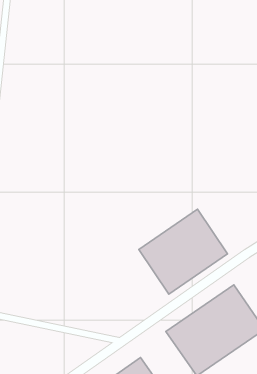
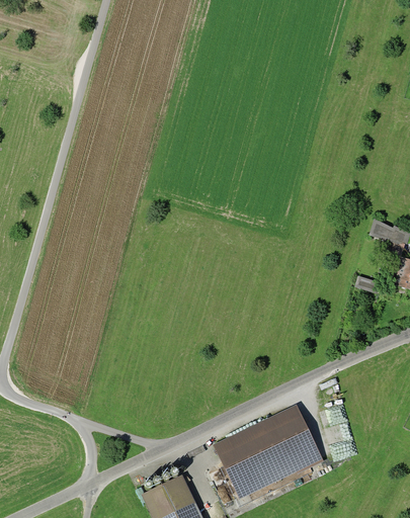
building: [139,209,228,294] -> none

